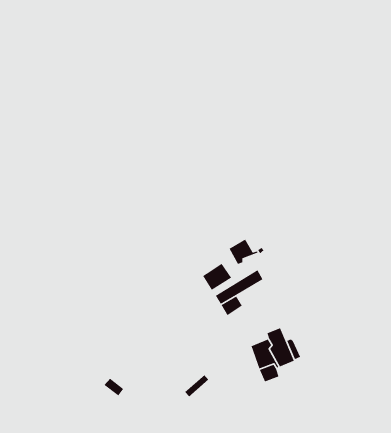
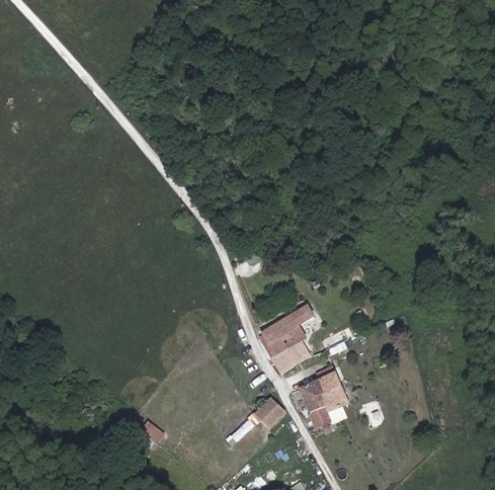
building: [229,238,259,265] -> none
building: [202,263,232,291] -> [270,343,303,374]
building: none -> [254,398,284,427]

